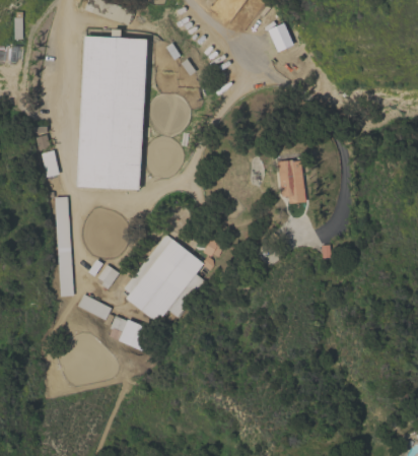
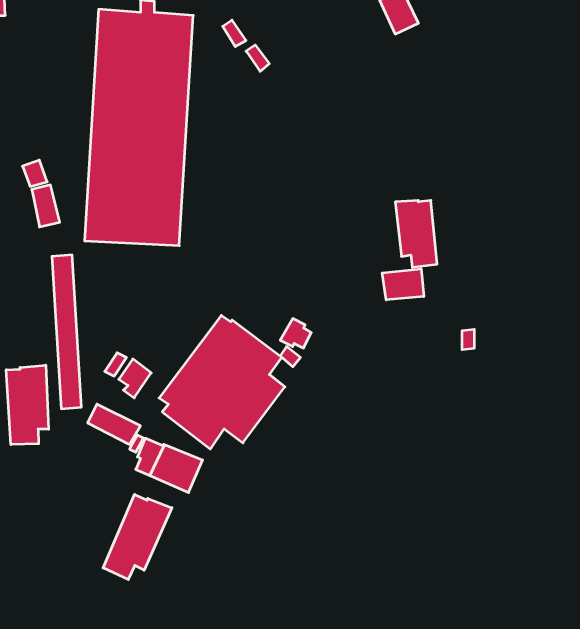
building: none -> [382,269,424,300]
building: none -> [6,365,49,445]
building: none -> [103,494,172,580]

